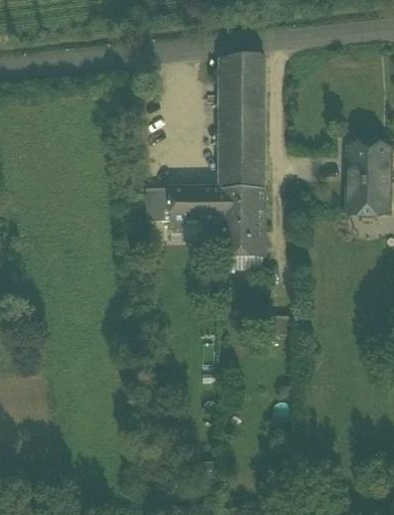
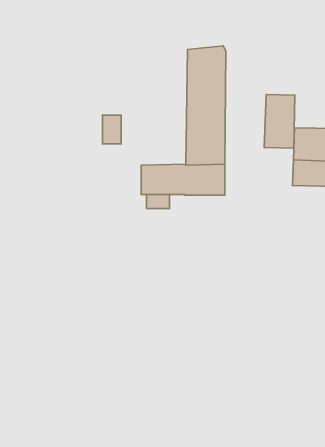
building: none -> [264,95,295,148]
building: [149,187,170,219] -> [102,115,121,144]
building: [219,221,264,254] -> none

